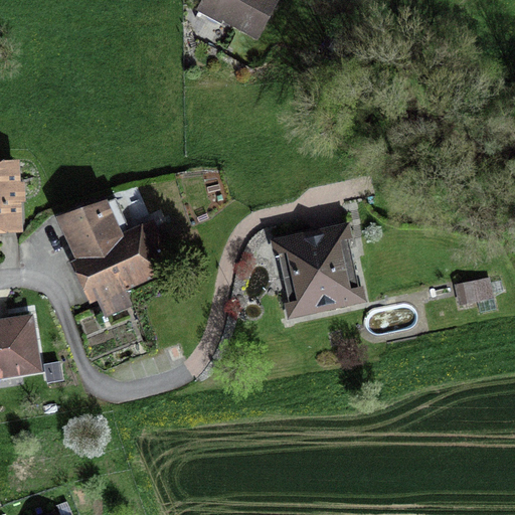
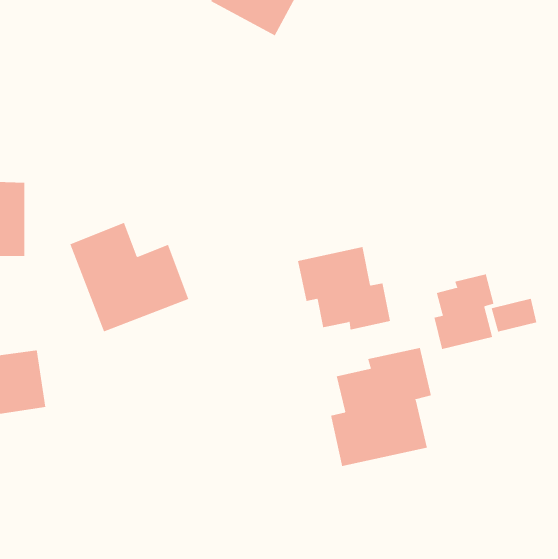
building: none -> [434,274,494,350]
building: none -> [331,347,432,467]

